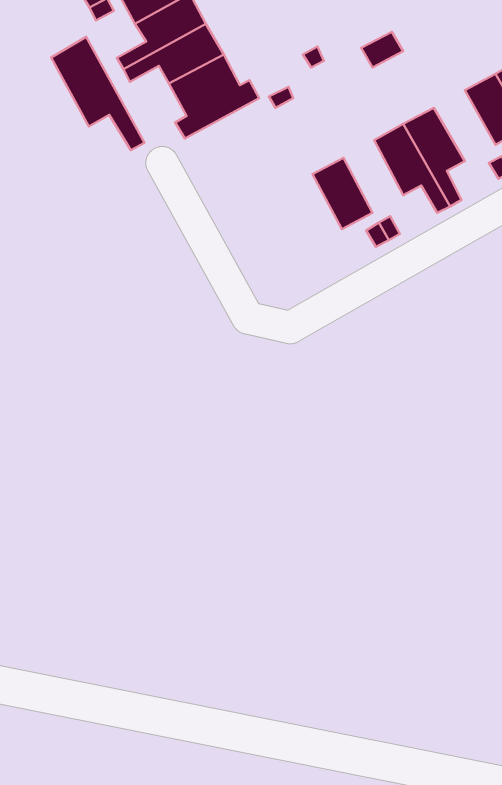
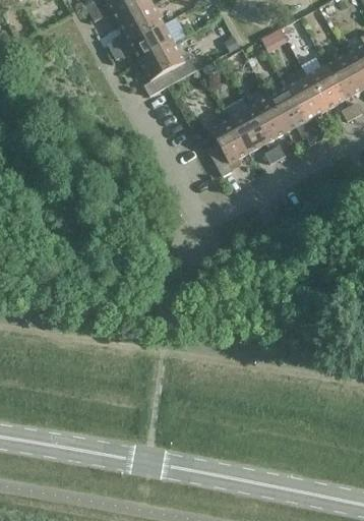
building: [51,37,144,150] -> none
building: none -> [306,64,345,109]
building: none -> [249,96,287,141]
building: none -> [206,117,248,175]

